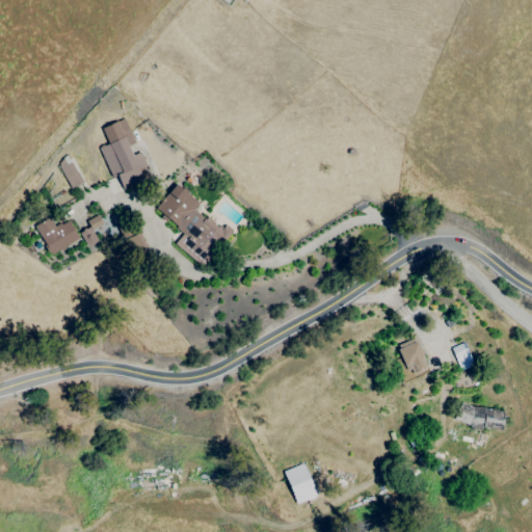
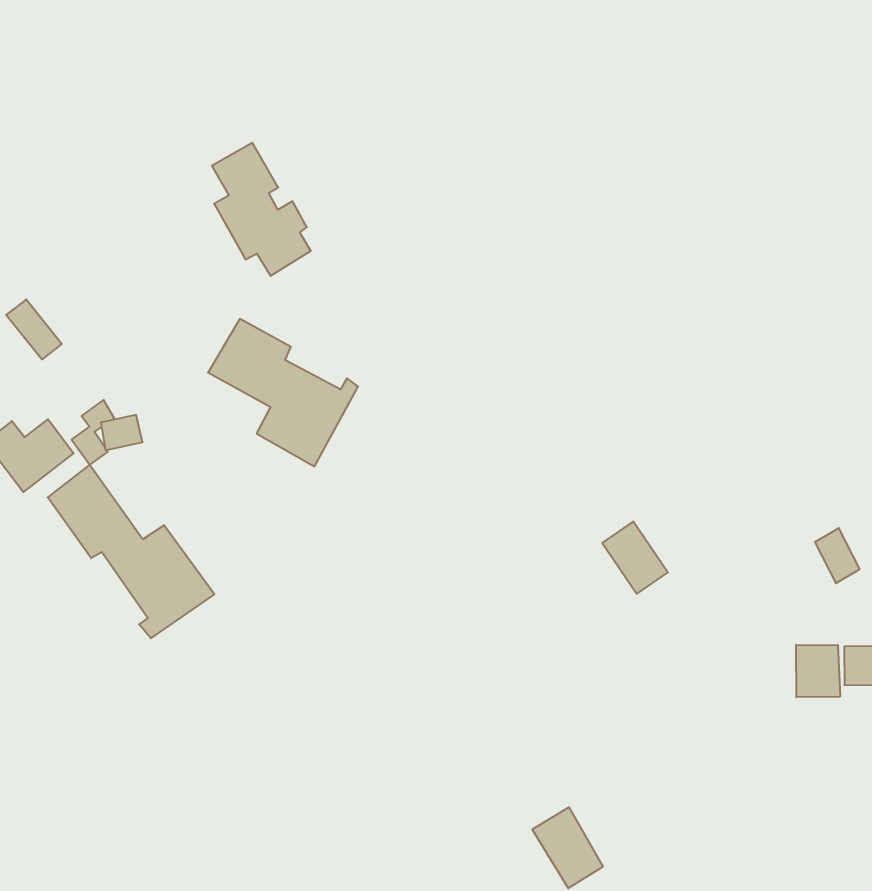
building: [102,118,148,188] -> [212,143,311,276]
building: none -> [48,465,214,638]
building: [398,338,429,375] -> [602,521,668,594]
building: none -> [796,645,840,697]

